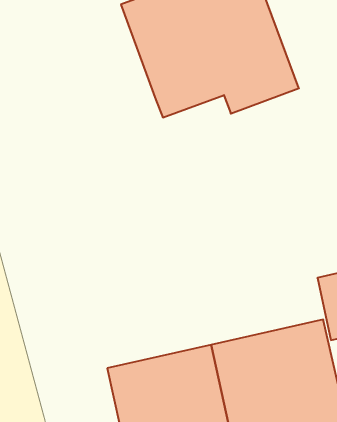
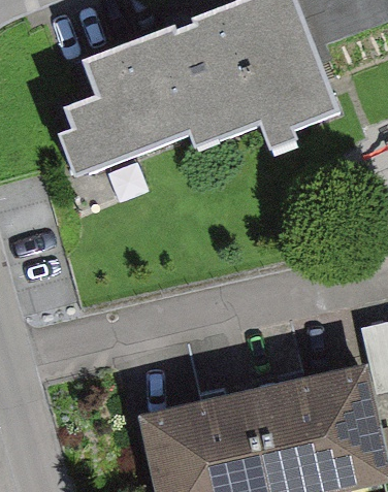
building: none -> [53,33,190,178]

